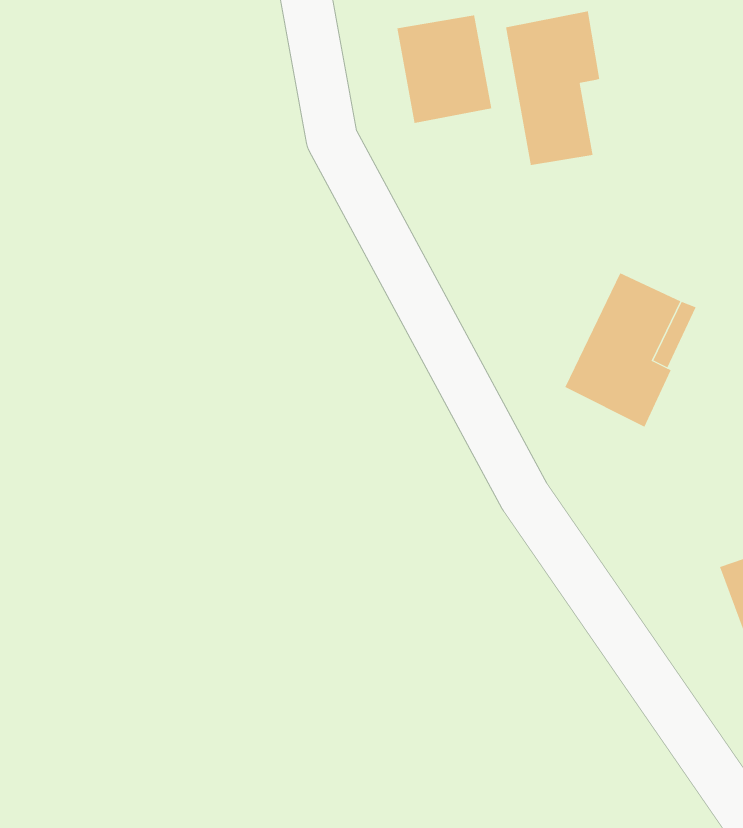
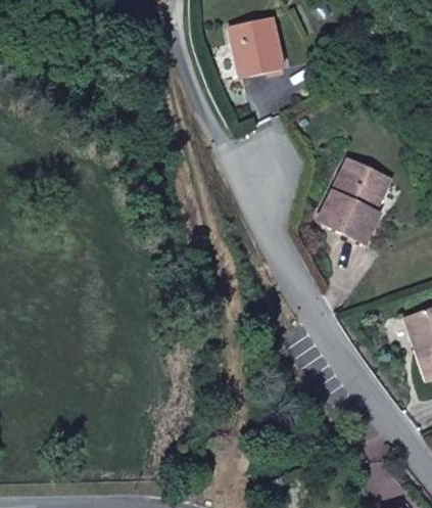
building: [505,10,600,166] -> none

